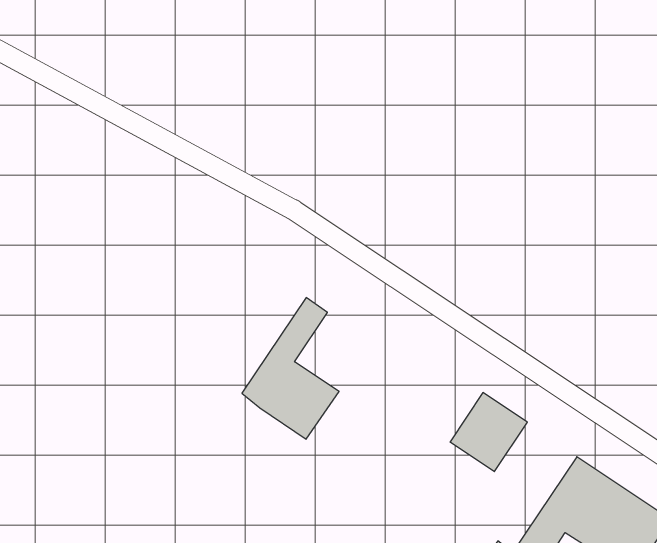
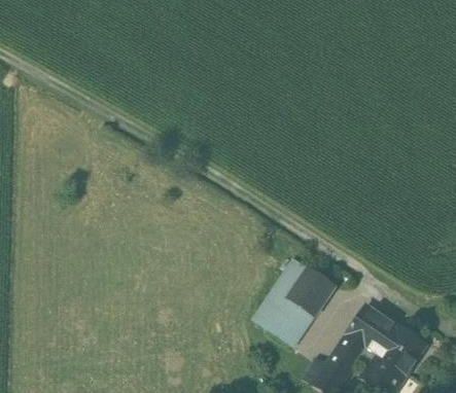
building: [242,298,339,439] -> [255,255,316,344]

